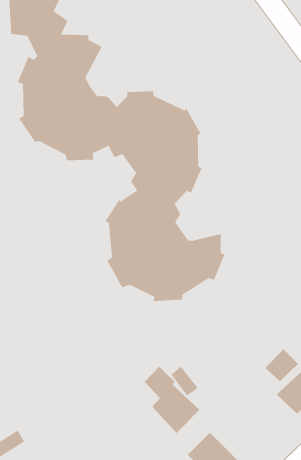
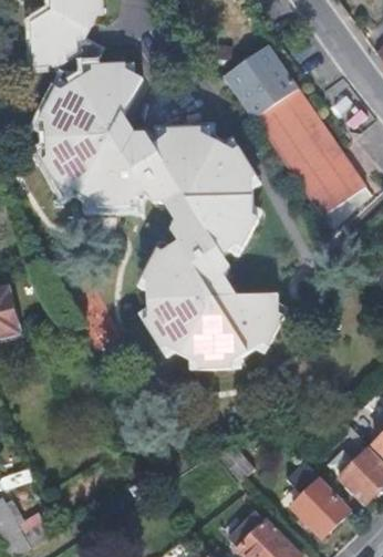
building: none -> [222,41,364,215]
building: [144,366,200,434] -> [283,460,349,538]

